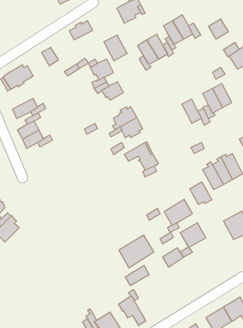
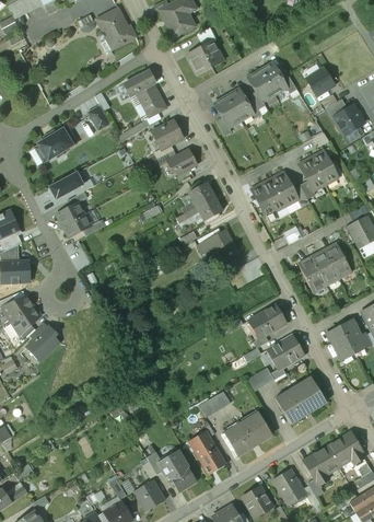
building: [104,35,127,61] -> [137,83,167,117]
building: none -> [255,179,285,221]
building: [190,182,212,204] -> none
building: [119,235,154,268] -> [225,413,271,455]
building: none -> [278,380,326,424]

